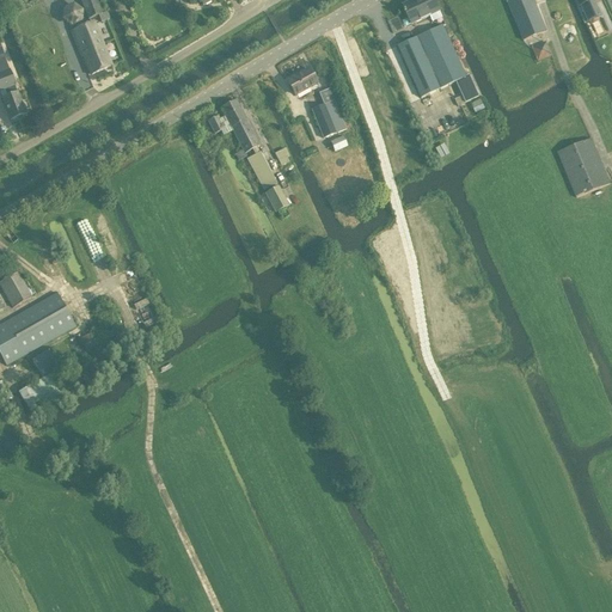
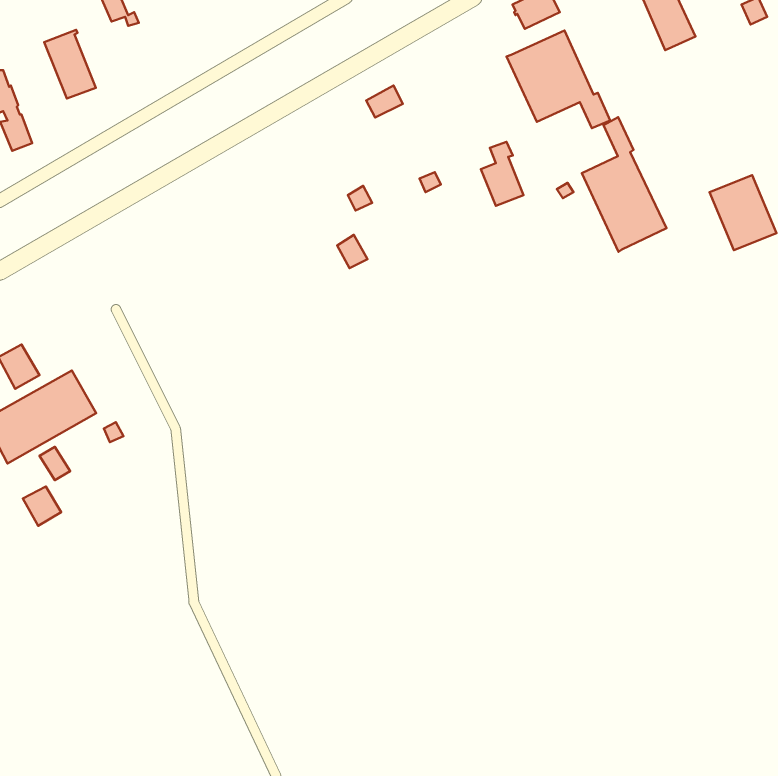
building: [71,19,111,73] -> [44,30,96,98]
building: [311,86,344,136] -> [481,142,523,206]
building: none -> [582,117,666,252]
building: [207,99,276,188] -> none

